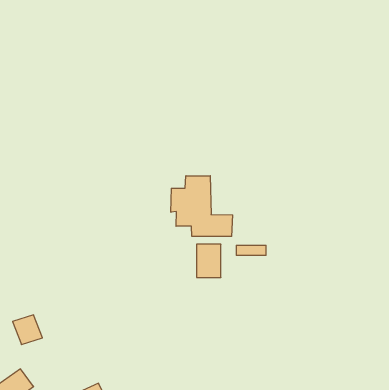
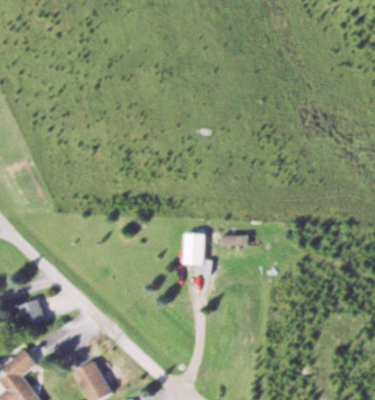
building: [171,176,233,236] -> none

